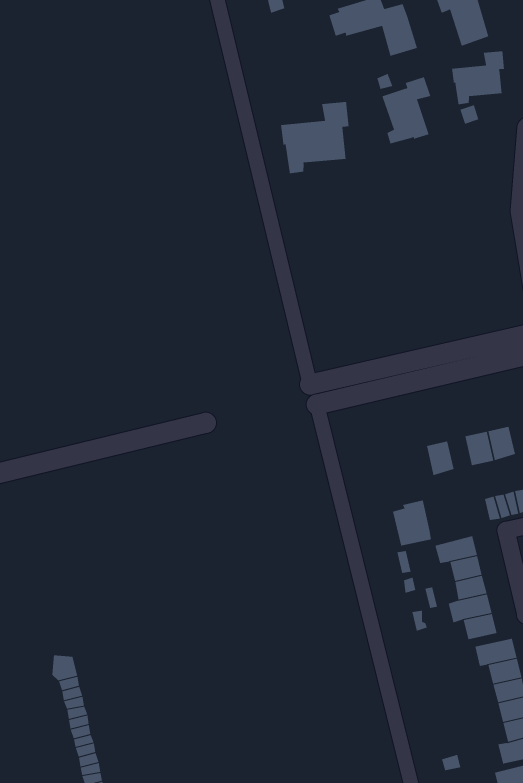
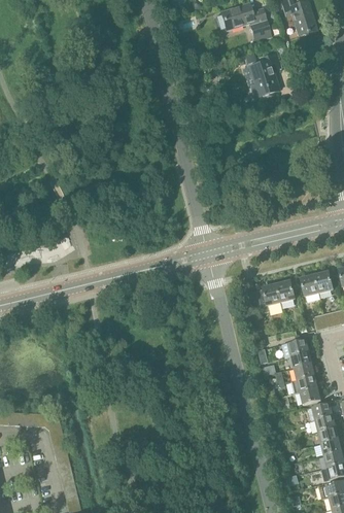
building: [452,50,505,105] -> none
building: [280,101,349,174] -> none
building: [392,500,432,546] -> [257,282,282,311]

